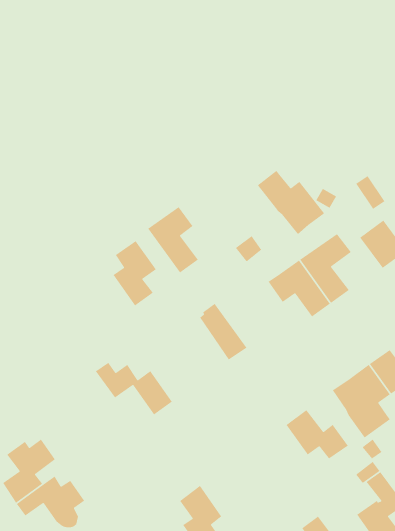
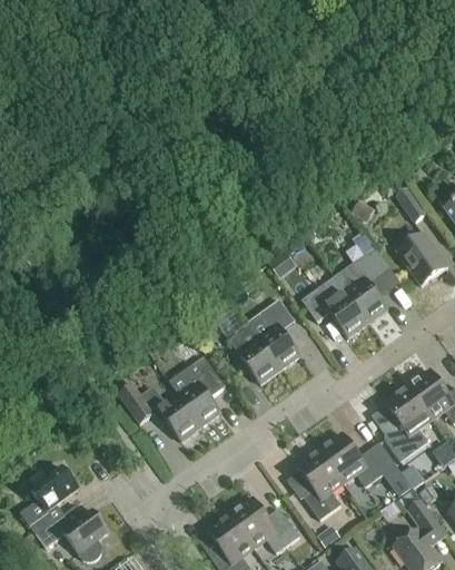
building: [257,170,325,235] -> none
building: [147,206,199,274] -> [246,297,300,368]
building: [113,240,157,306] -> [178,355,225,425]
building: none -> [286,450,344,519]
building: none -> [230,498,299,552]

